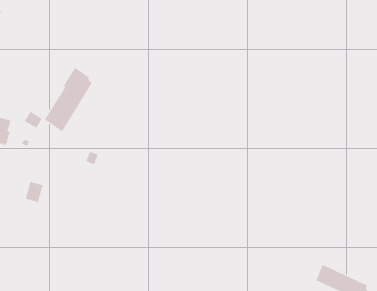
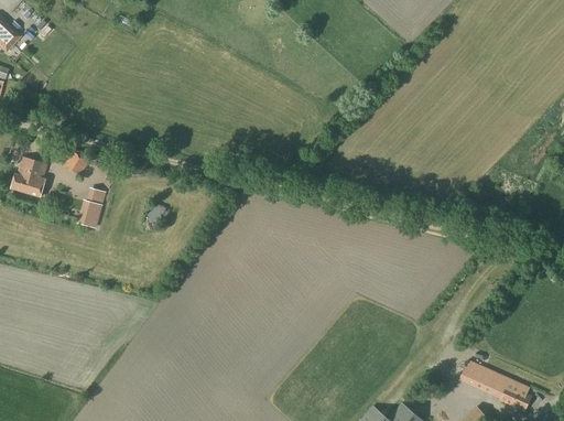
building: [44,67,92,132] -> none
building: [25,181,44,203] -> [78,199,104,229]

